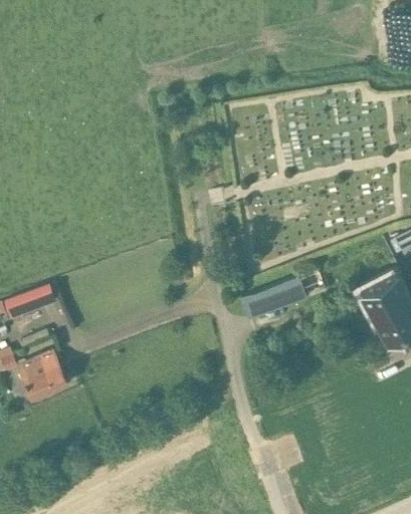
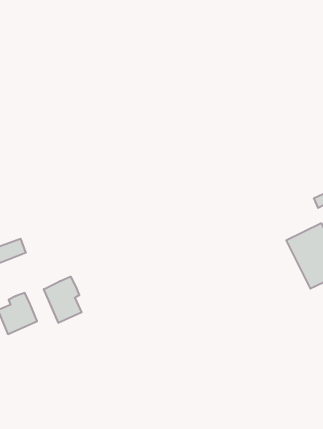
building: [239,275,305,317] -> none
building: none -> [44,277,82,323]

